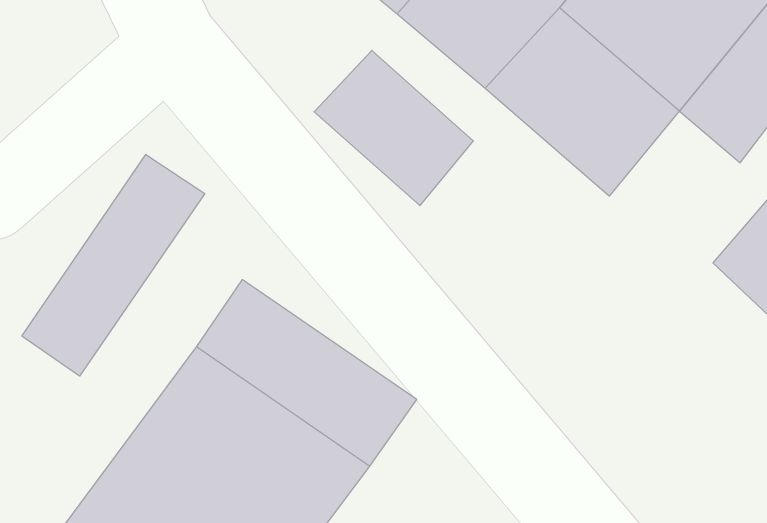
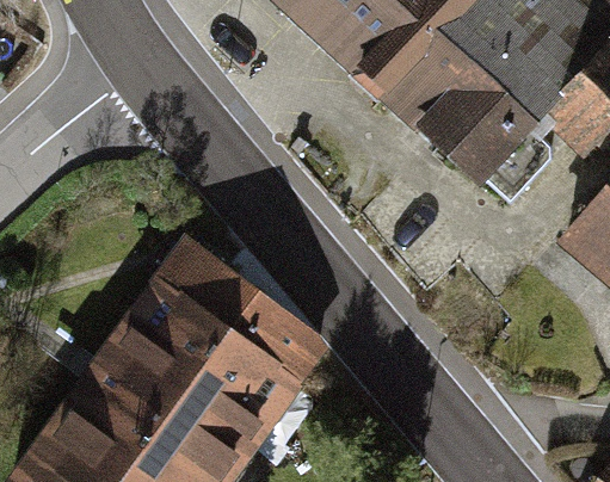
building: [314,50,473,206] -> none
building: [22,154,205,376] -> none

